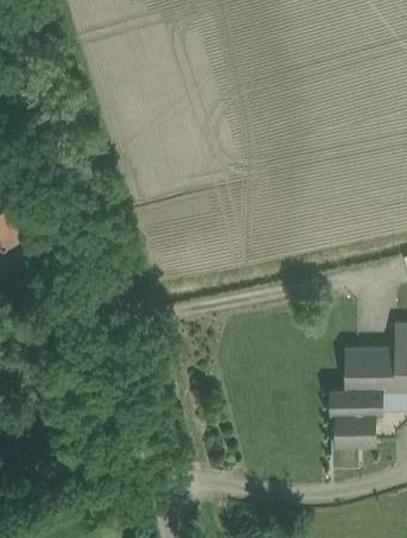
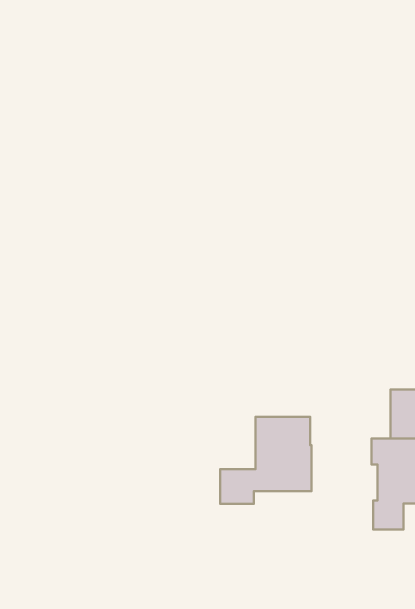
building: none -> [220,417,312,504]

